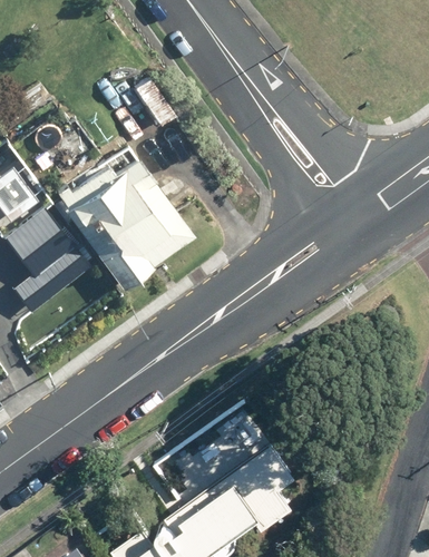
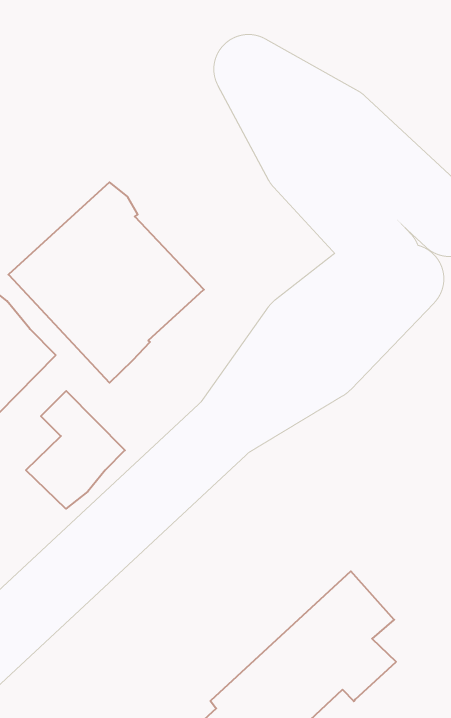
building: none -> [26,391,125,509]

